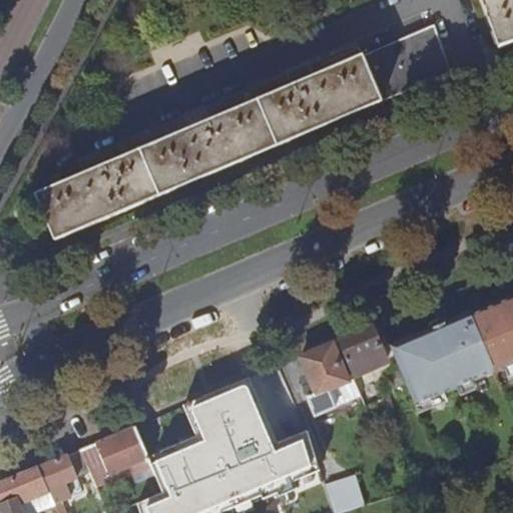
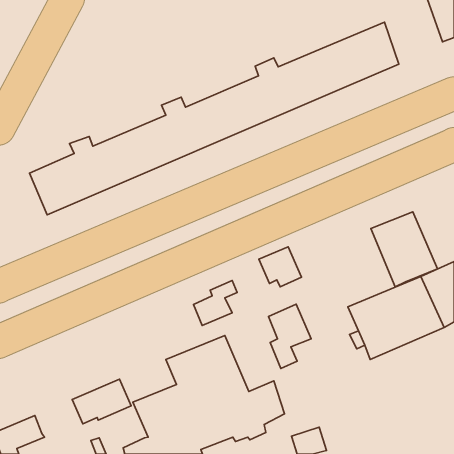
building: none -> [371,212,438,287]
building: none -> [194,280,237,326]
building: [337,326,385,371] -> [259,247,302,287]
building: [39,455,76,497] -> none

